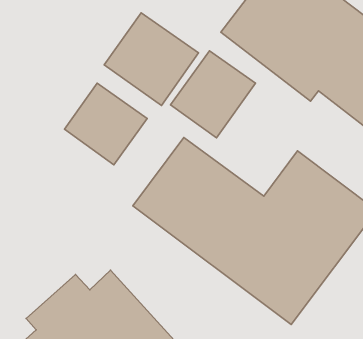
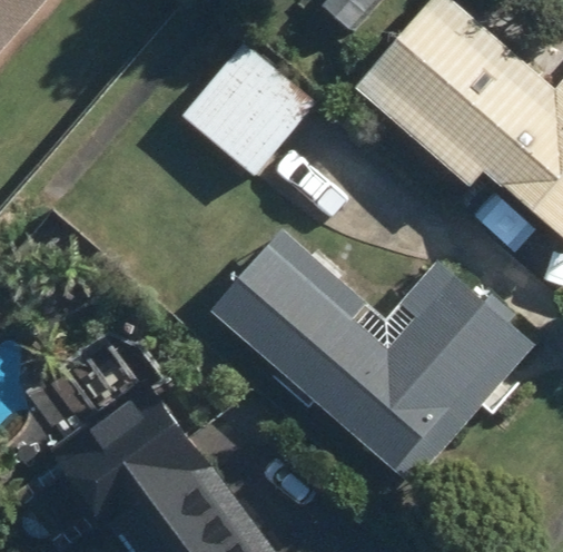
building: [170,51,256,138] -> none
building: [64,83,147,165] -> none

